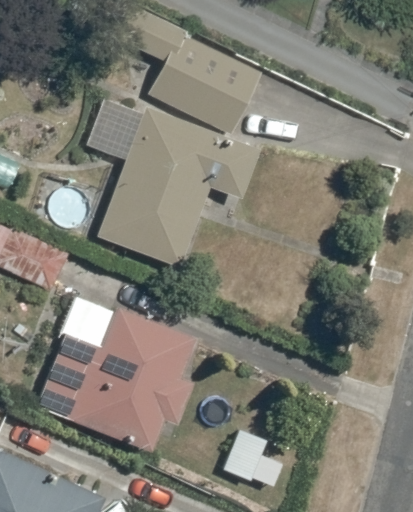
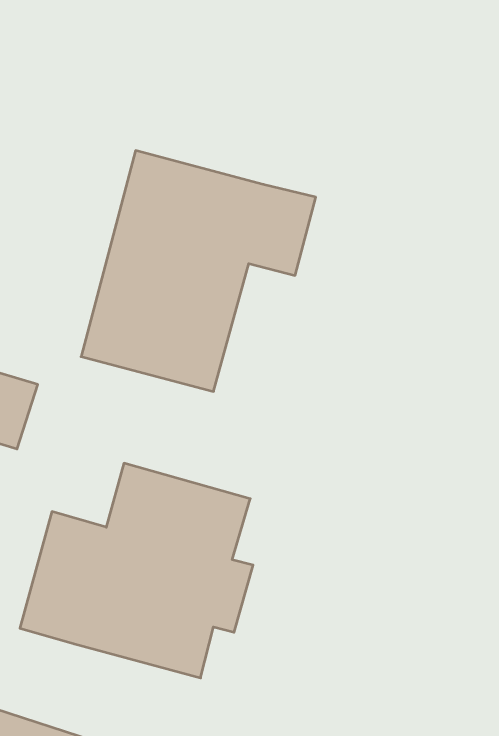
building: [124,13,260,138] -> none

